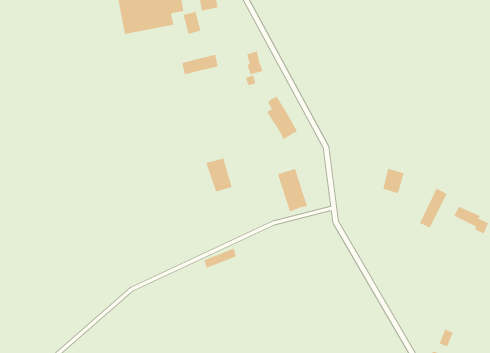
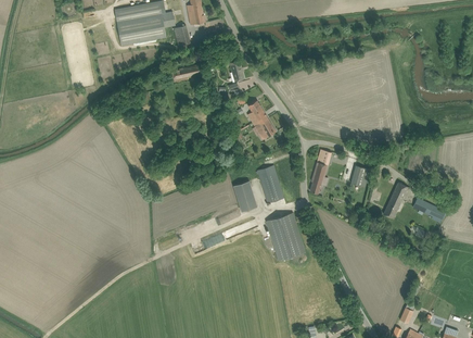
building: none -> [310,149,331,193]
building: [206,158,233,192] -> [233,180,257,211]
building: none -> [267,212,305,260]

